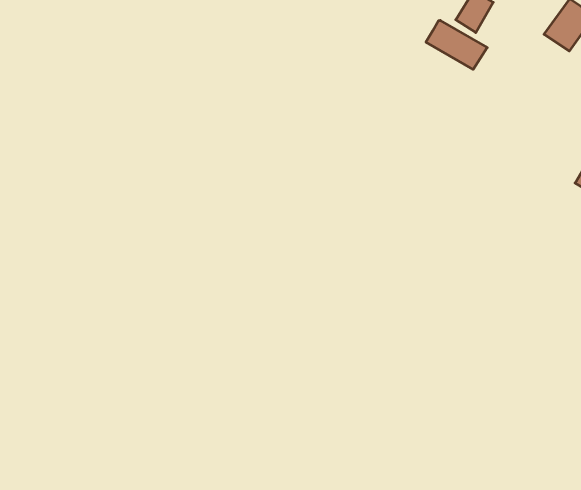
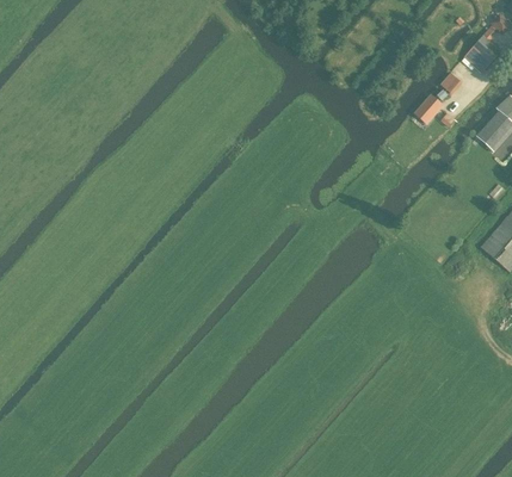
building: [426,20,487,69] -> none

